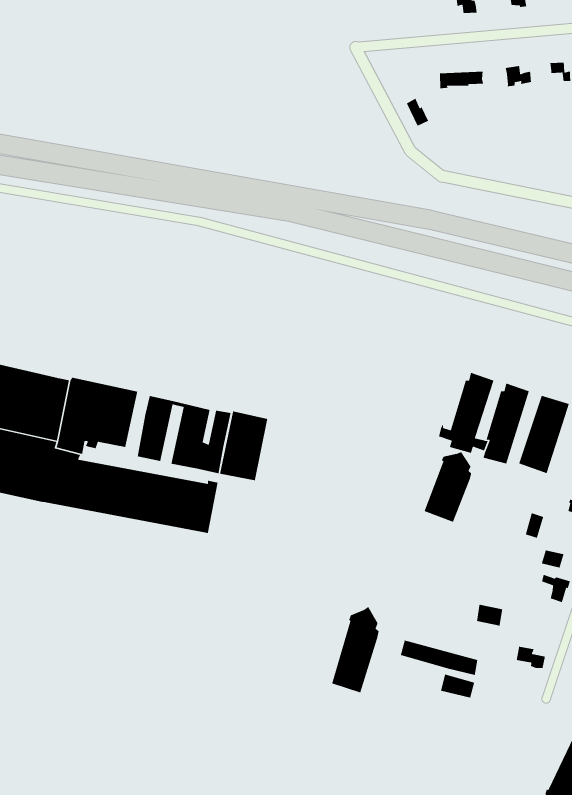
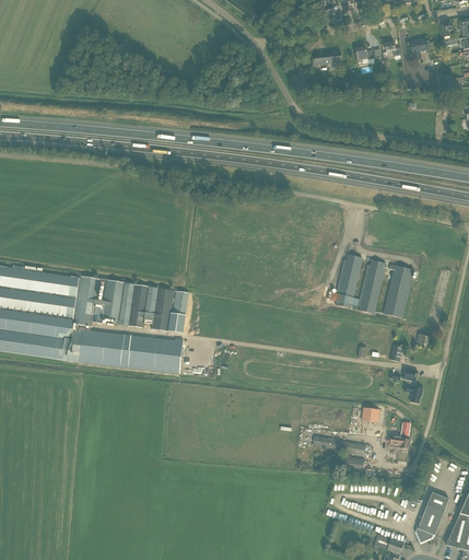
building: [219,410,268,481] -> none
building: [423,451,472,523] -> none
building: [331,606,379,693] -> none

